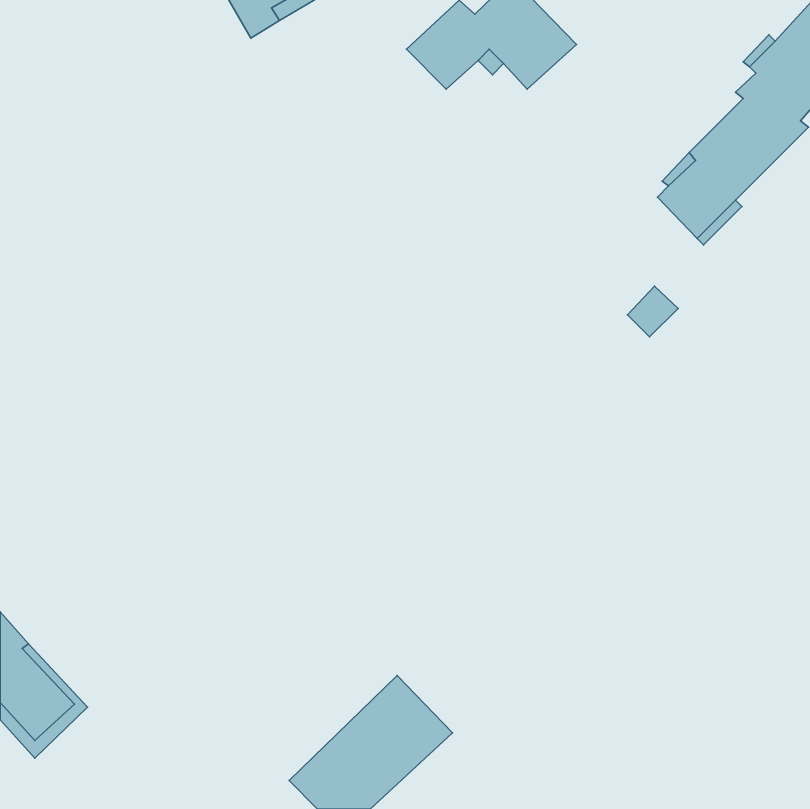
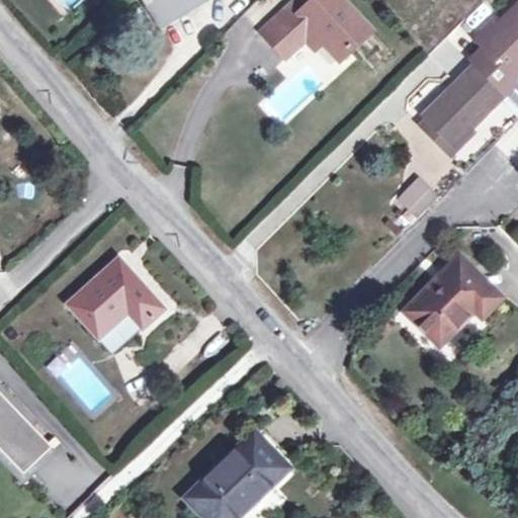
building: none -> [405,256,499,342]
building: none -> [68,259,164,352]

